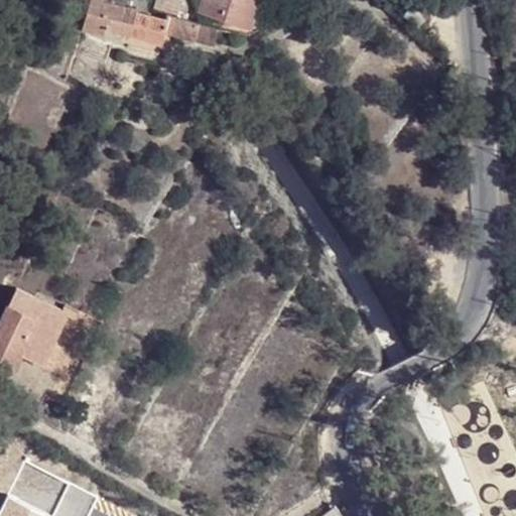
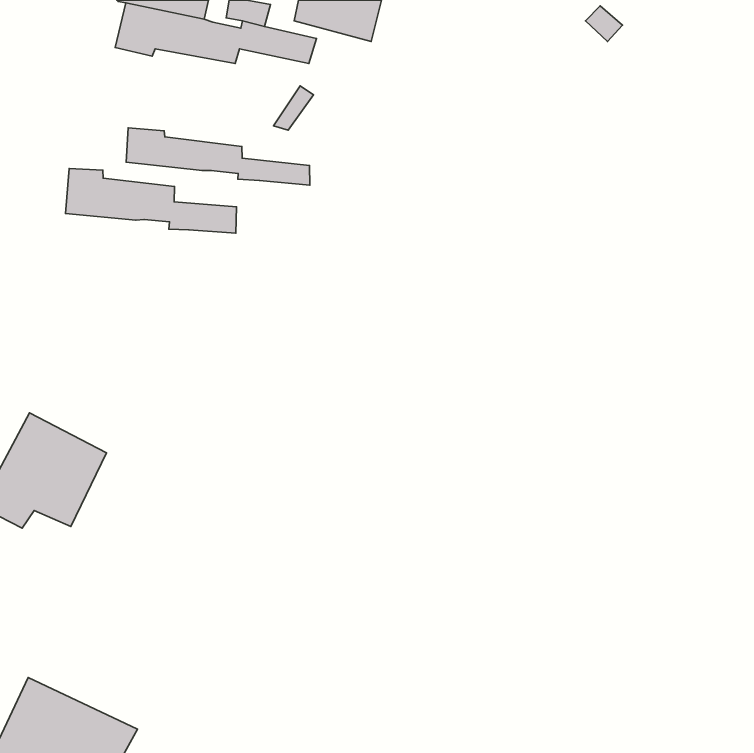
building: none -> [126,128,310,185]
building: none -> [65,168,237,233]

